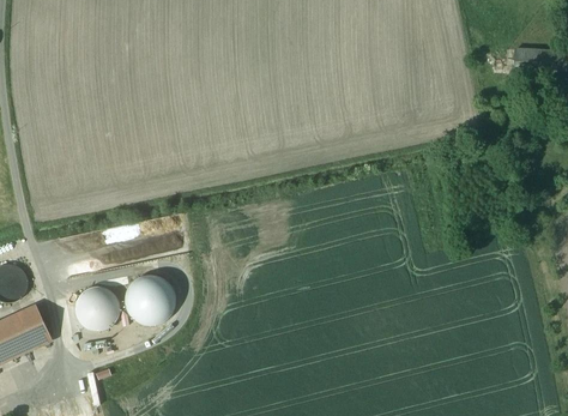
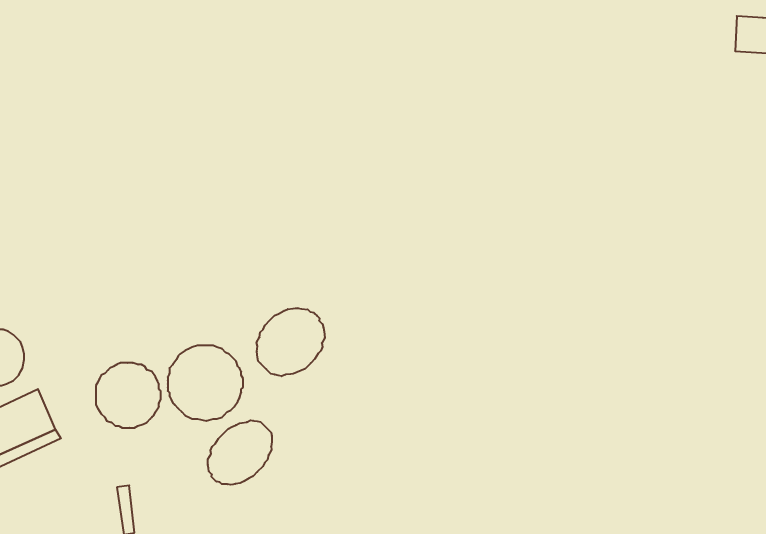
building: none -> [257,308,325,376]
building: none -> [208,420,272,485]

